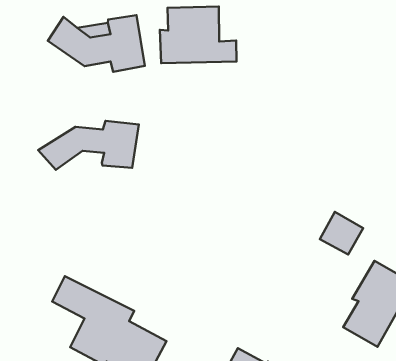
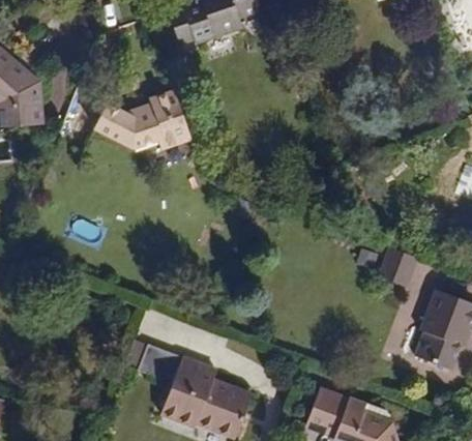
building: [160,7,236,63] -> none
building: [38,121,139,170] -> none

